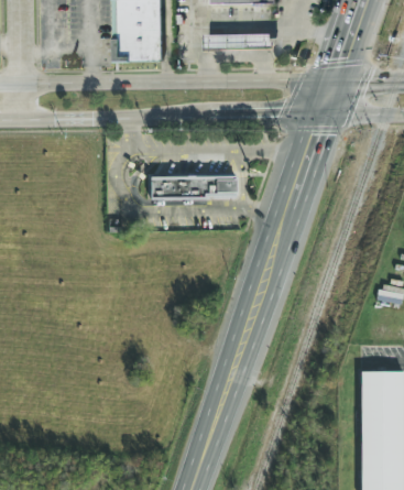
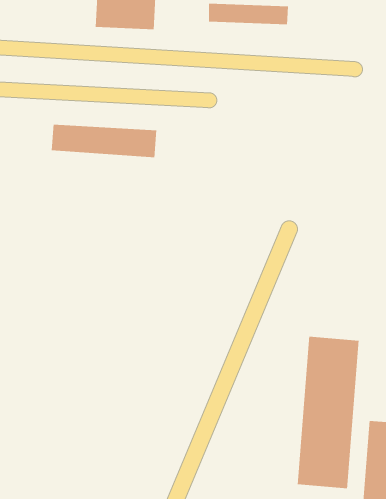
building: [150,175,237,198] -> [51,124,157,158]
building: none -> [297,336,359,489]

